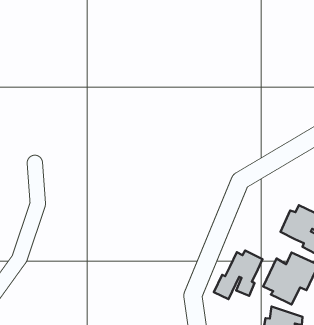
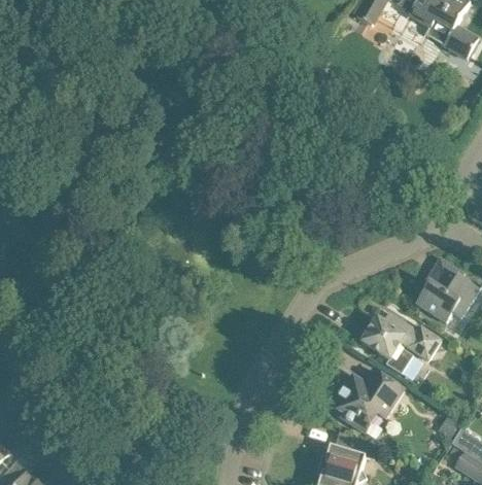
building: [214,250,263,299] -> none

